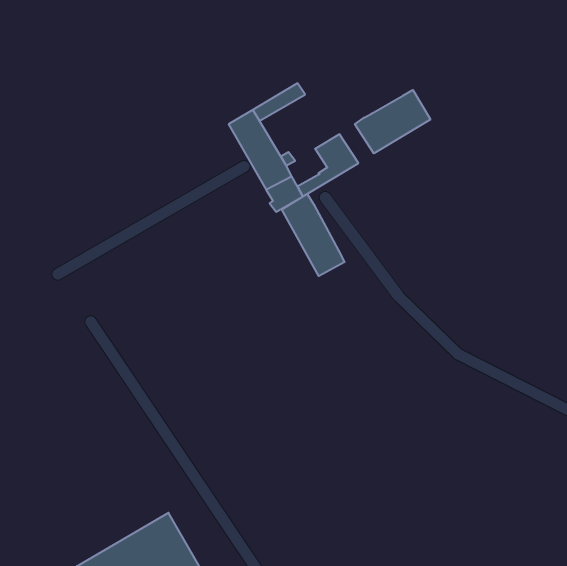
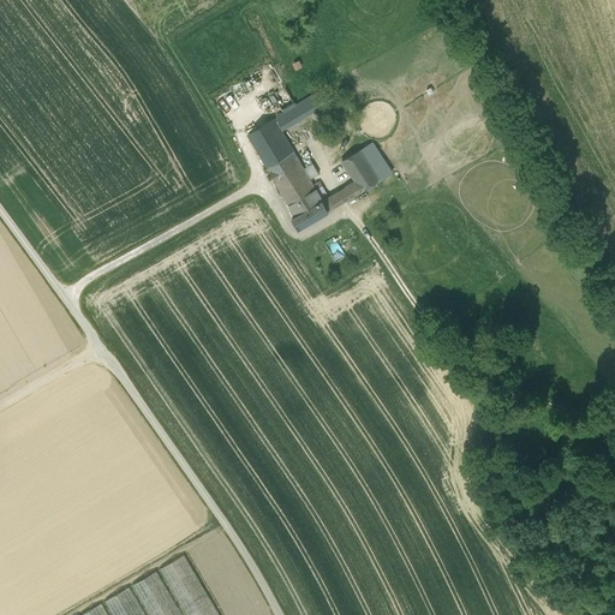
building: [355,90,430,153] -> none
building: [282,194,345,276] -> none

